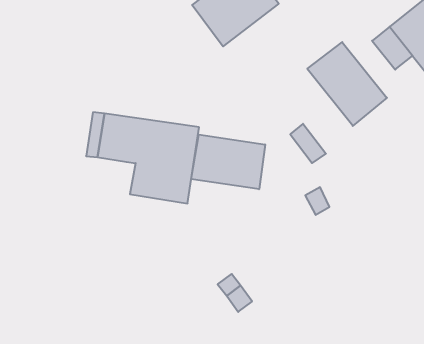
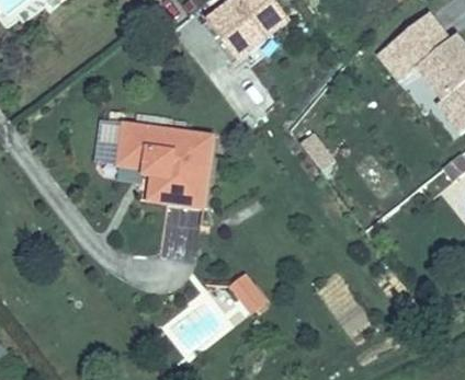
building: [307,42,387,126] -> none
building: [191,135,265,189] -> none

